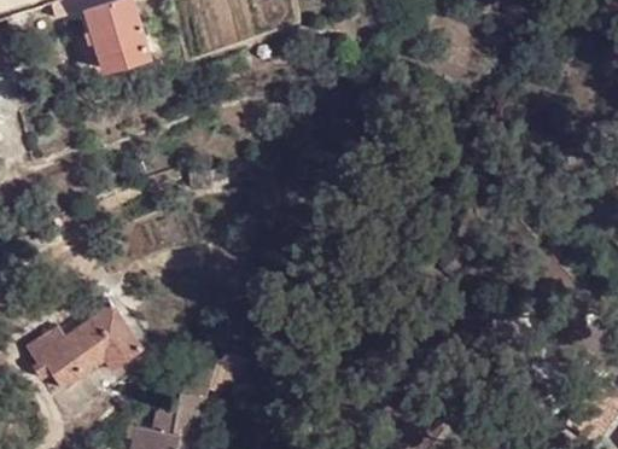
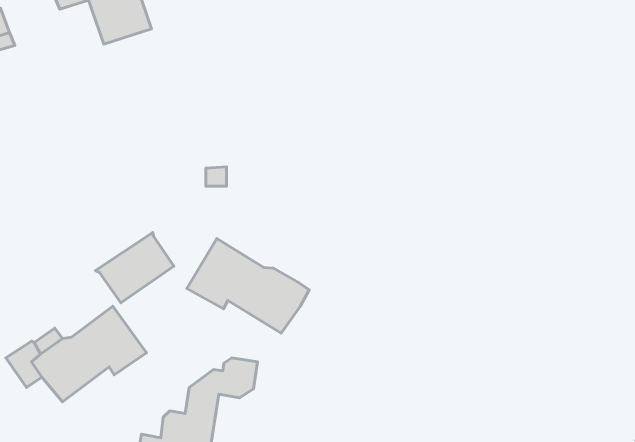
building: none -> [96,232,174,303]
building: none -> [187,238,309,333]

